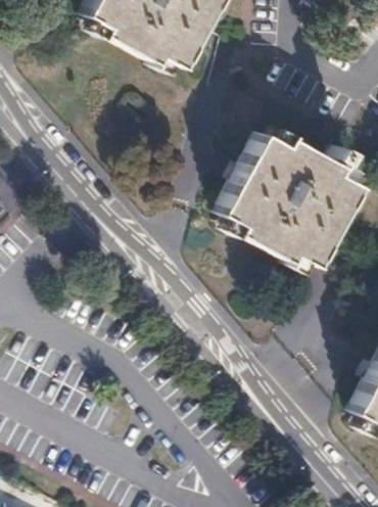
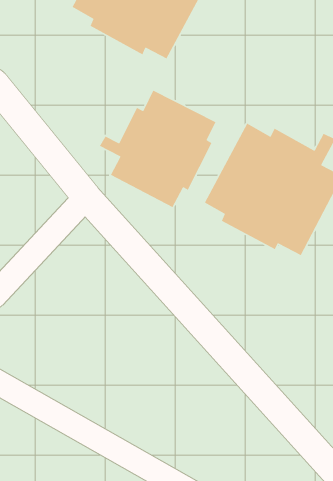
building: none -> [99,89,217,208]

